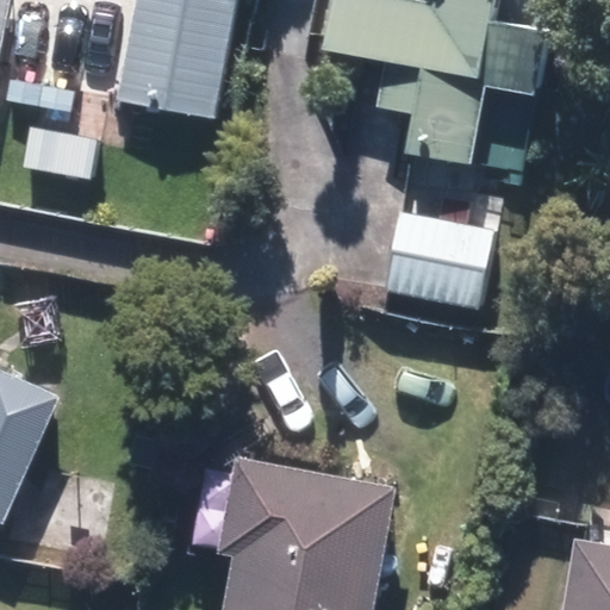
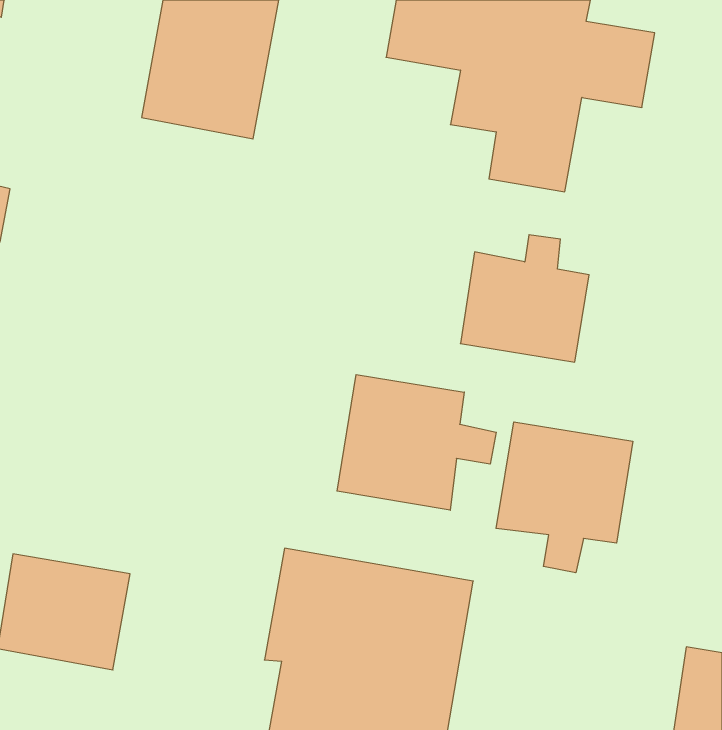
building: none -> [337,375,496,510]
building: none -> [496,422,633,573]

